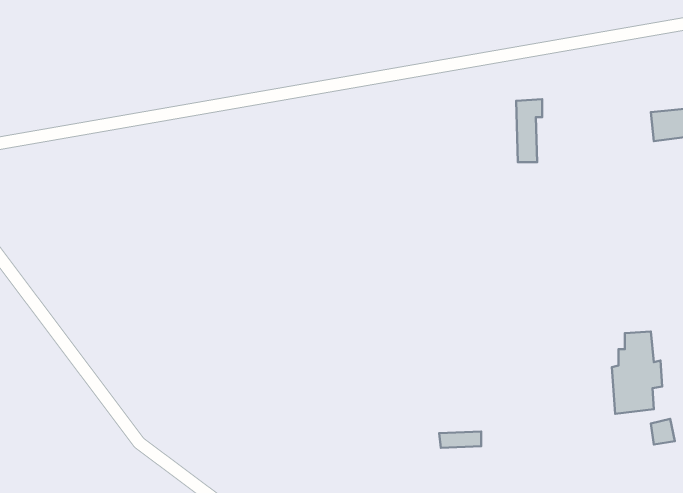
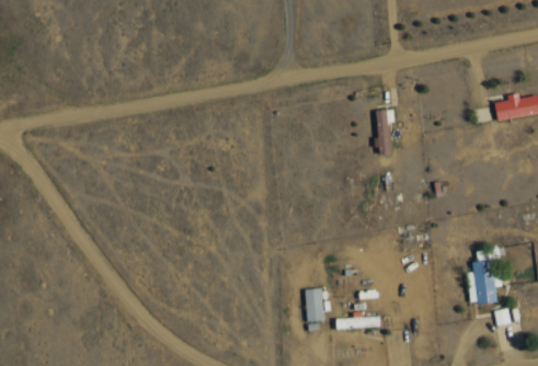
building: [516,99,542,162] -> [376,110,393,152]
building: none -> [305,288,323,322]

